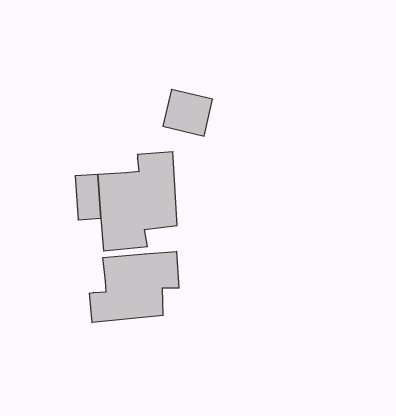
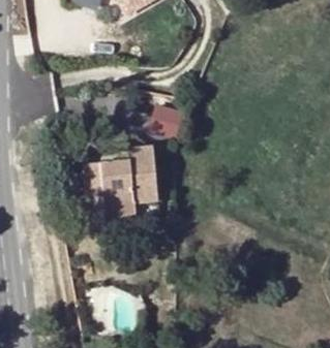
building: [90,251,179,323] -> none

